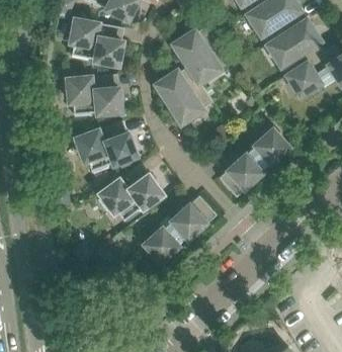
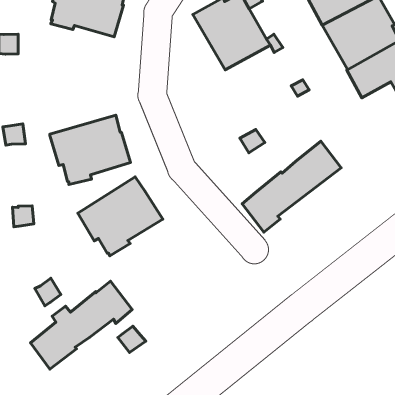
building: [156,67,212,123] -> none
building: [67,75,120,118] -> none
building: [145,196,217,263] -> [31,281,132,369]

